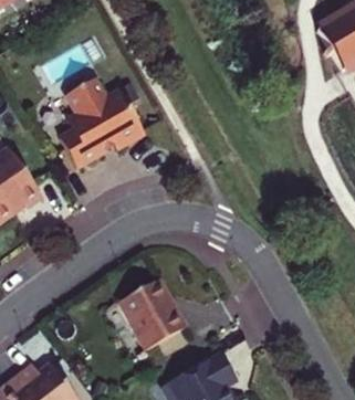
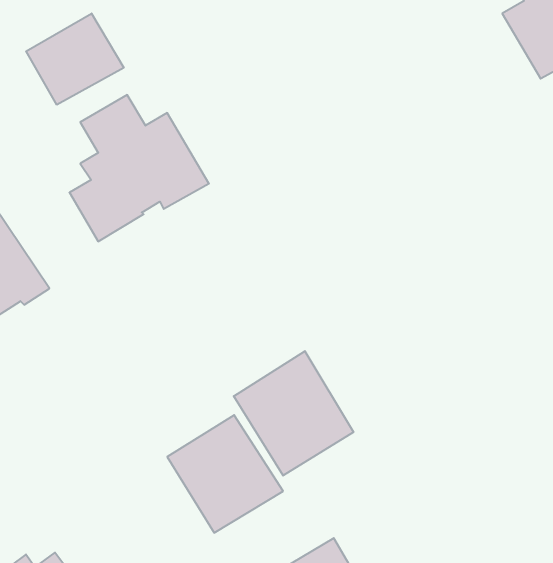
building: none -> [26,13,124,105]
building: none -> [234,351,353,476]

